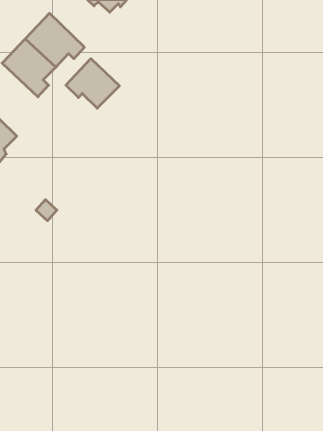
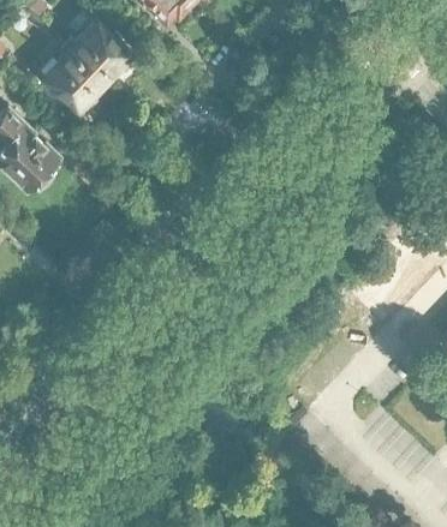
building: [66,59,119,108] -> none

